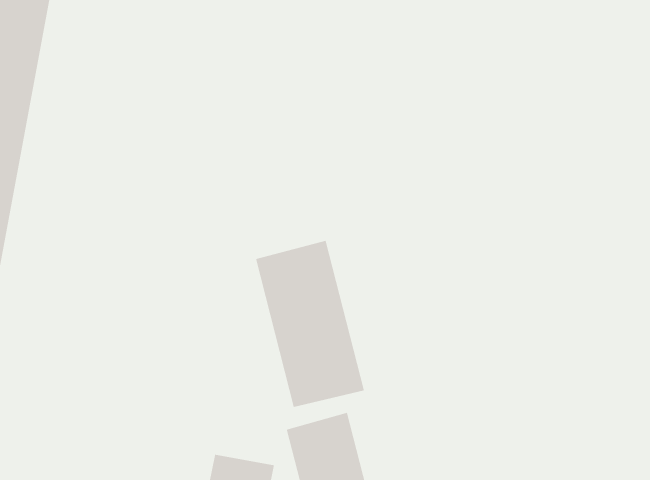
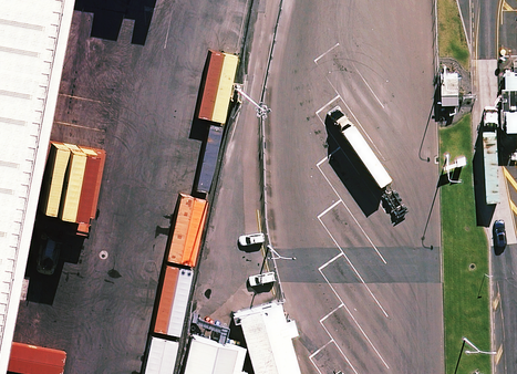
building: [255,240,365,408] -> none

